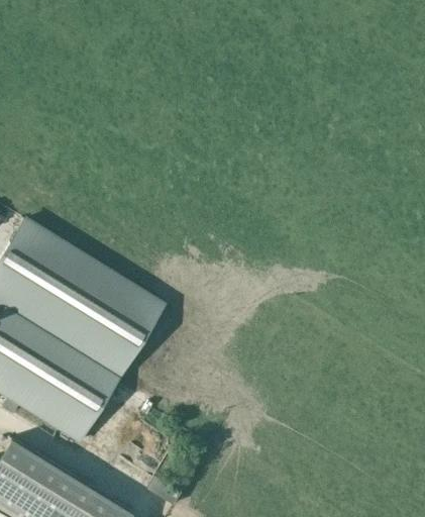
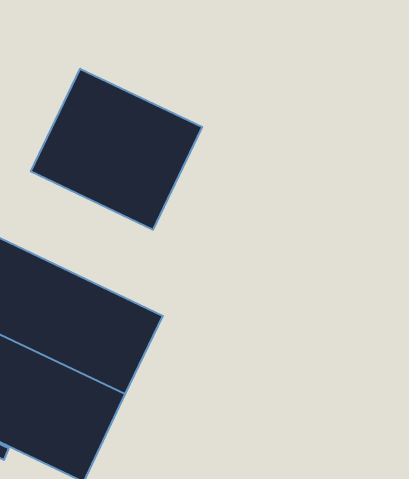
building: none -> [31,69,202,230]

